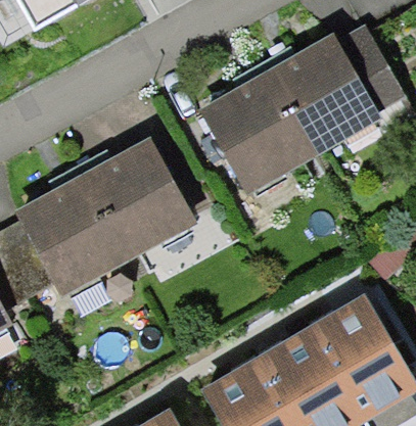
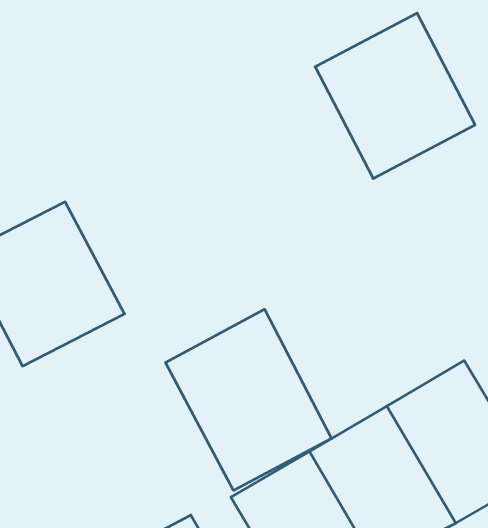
building: [189,77,308,198] -> none
building: [80,137,198,259] -> none
building: none -> [166,309,332,490]

